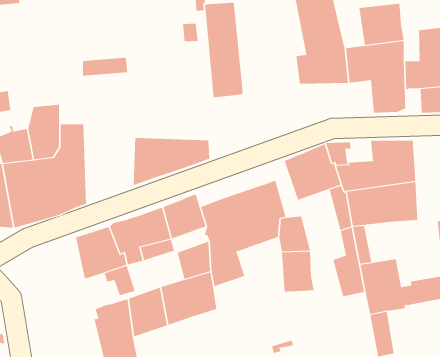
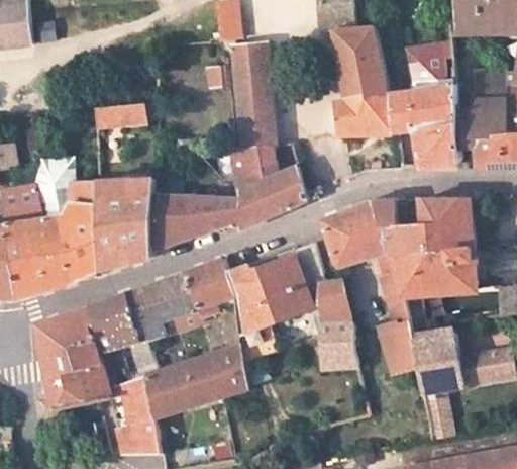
building: none -> [232,148,307,229]
building: none -> [98,179,156,270]
building: none -> [37,307,113,420]

